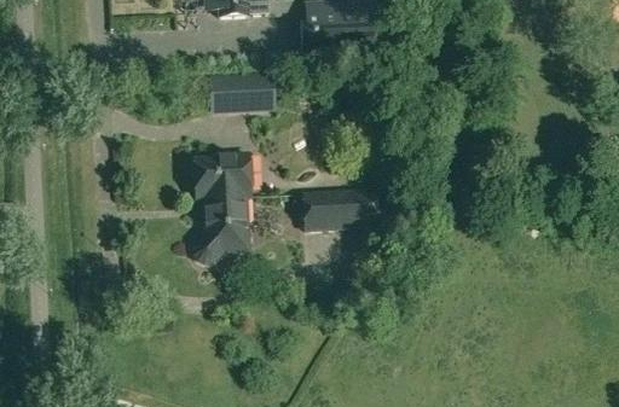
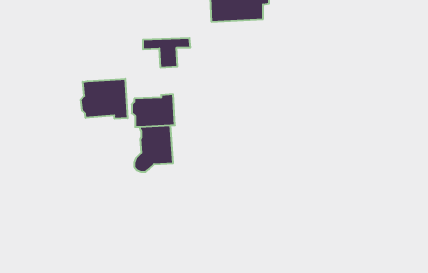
building: none -> [81,79,128,119]
building: [305,188,391,229] -> none

